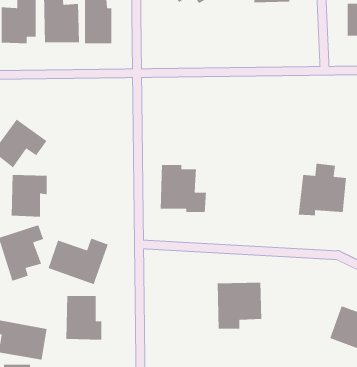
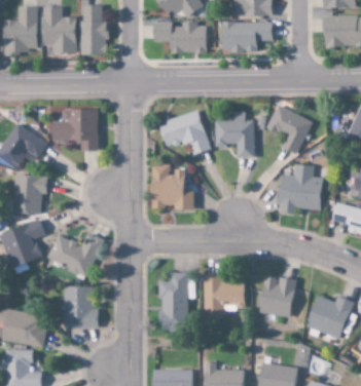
building: none -> [221,21,272,51]
building: none -> [153,23,206,52]
building: none -> [266,105,312,154]
building: none -> [51,109,97,151]
building: none -> [159,110,210,155]
building: none -> [214,112,253,158]
building: none -> [158,272,187,331]
building: none -> [259,277,294,317]

